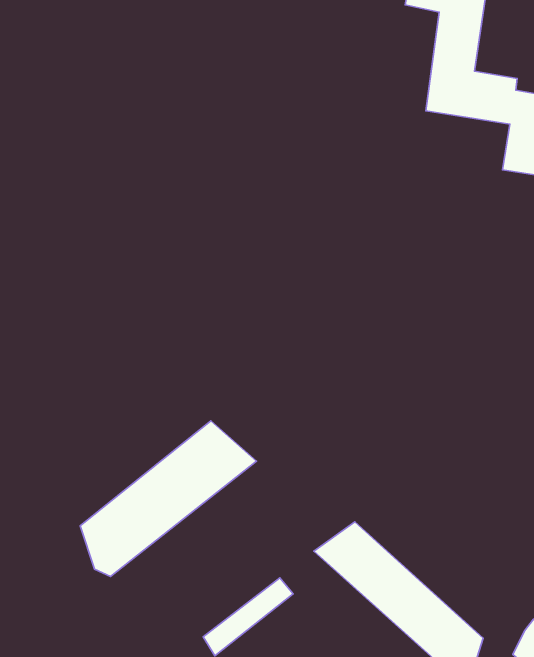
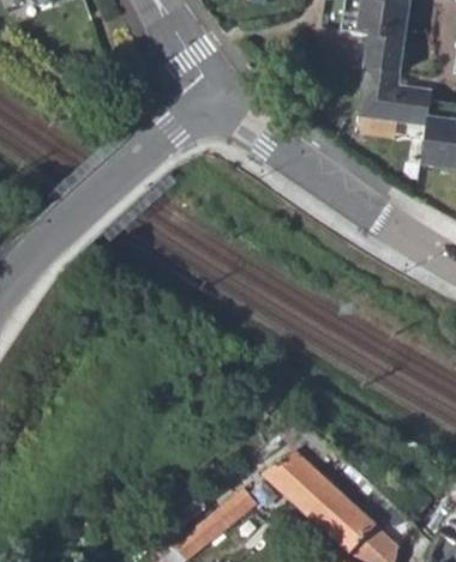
building: [80,421,257,577] -> none

